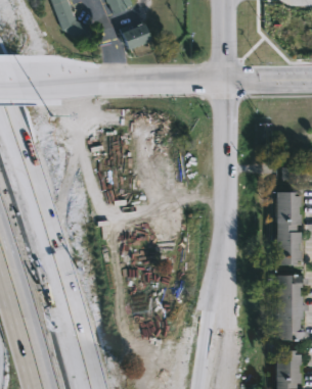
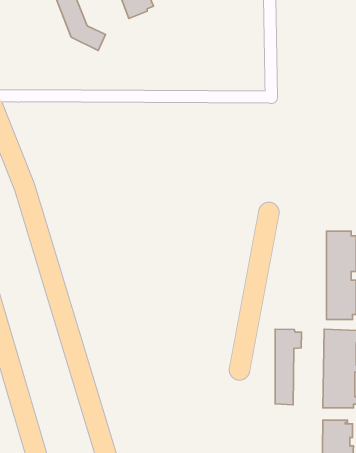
building: [123,26,152,51] -> none
building: none -> [275,329,301,405]

